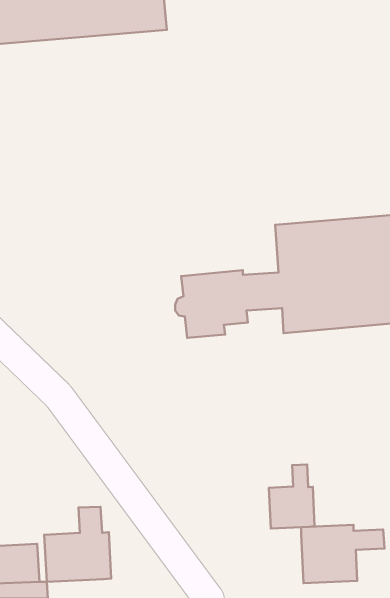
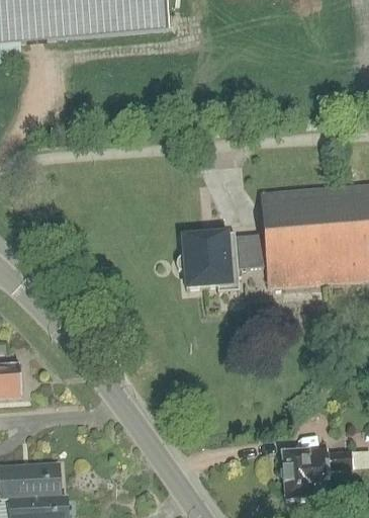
building: [269,465,315,528] -> none
building: [44,507,111,582] -> none

